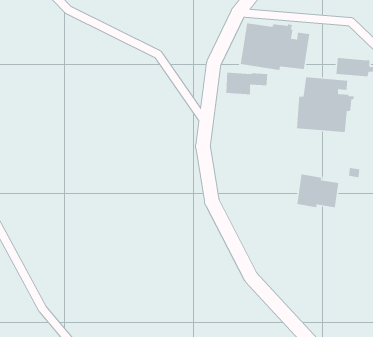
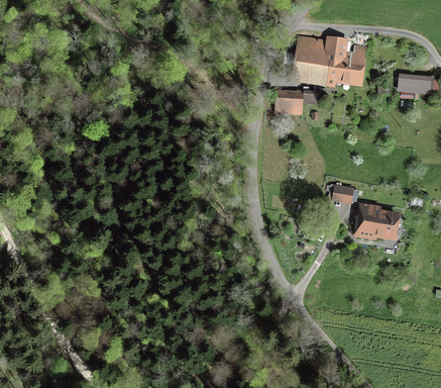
building: [296,77,355,133] -> none
building: none -> [326,182,358,204]

